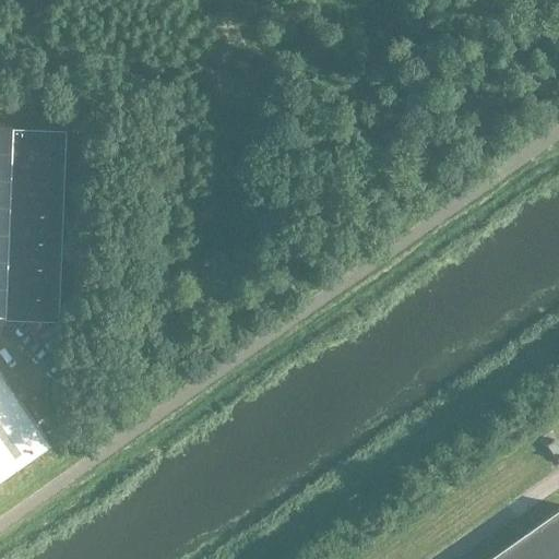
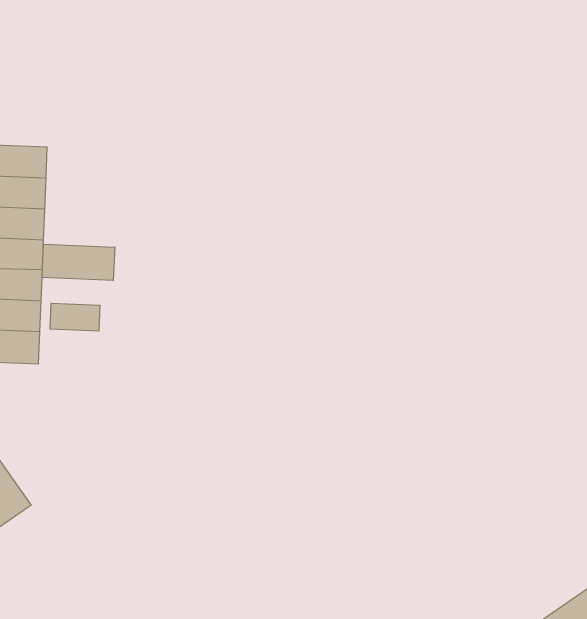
building: none -> [42,244,115,281]
building: none -> [50,303,100,331]

